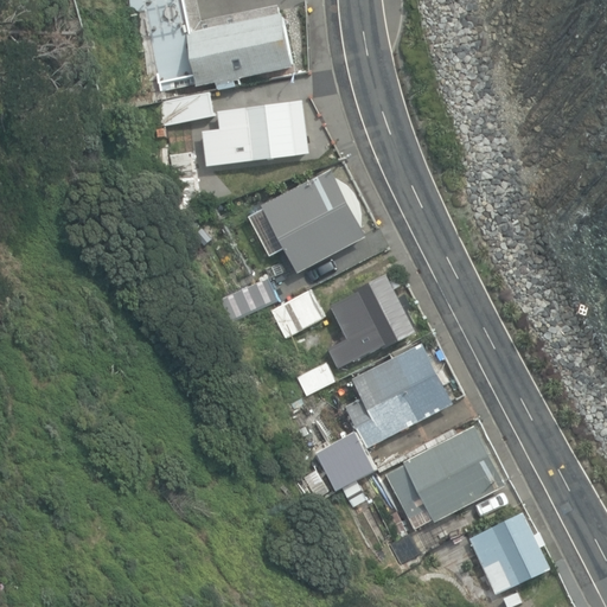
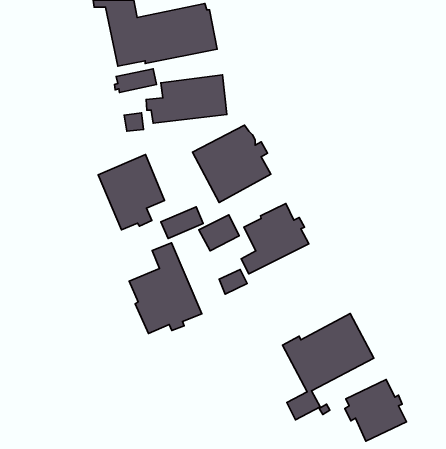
building: none -> [98,154,164,230]
building: none -> [129,243,202,334]
building: [313,344,452,490] -> none

